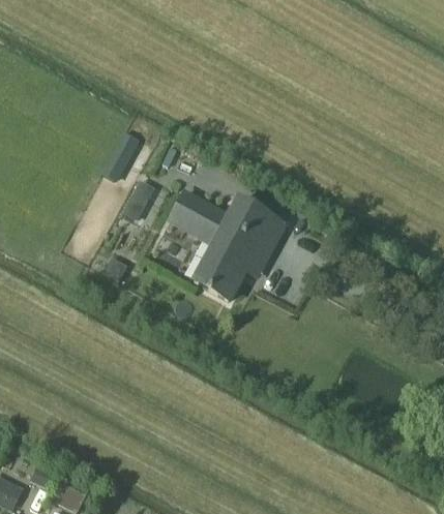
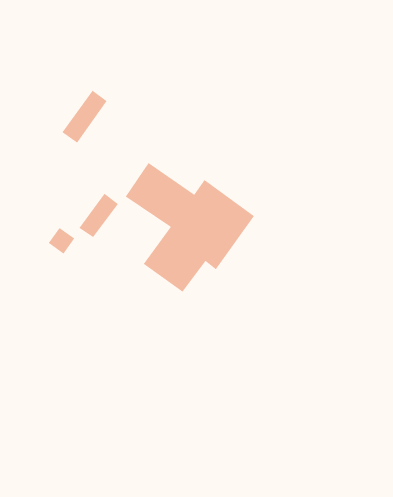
building: [122,179,155,220] -> [78,193,119,238]

